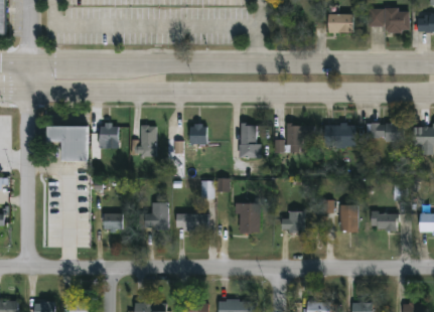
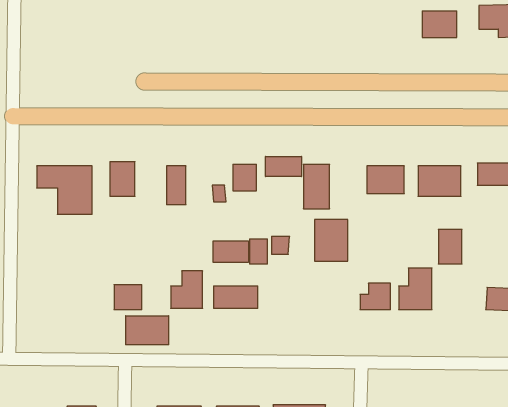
building: none -> [266,156,301,177]
building: none -> [213,241,248,262]
building: [236,203,260,233] -> [315,220,348,261]
building: [340,205,357,230] -> [438,229,462,264]
building: none -> [126,316,169,345]

